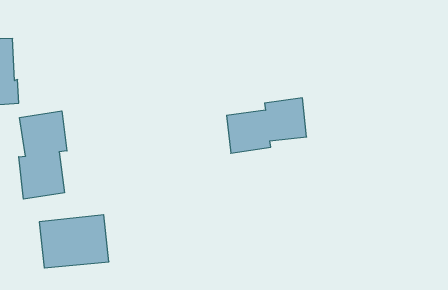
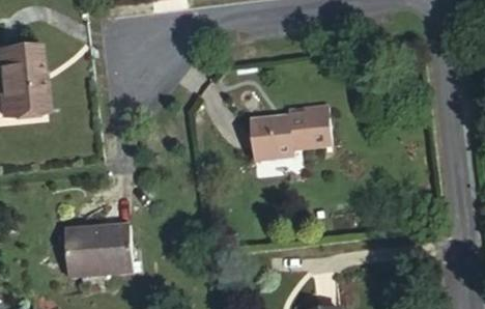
building: [19,111,67,199] -> none

